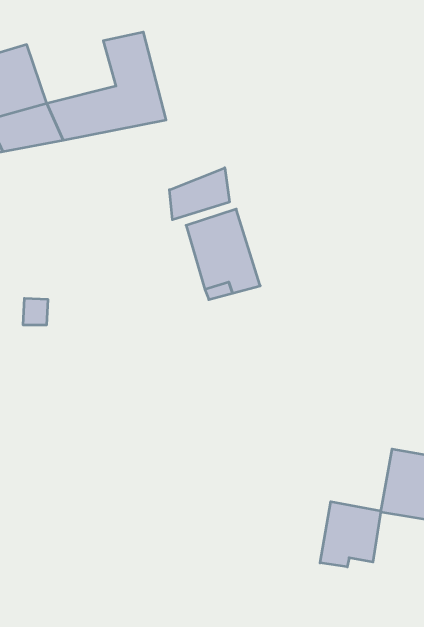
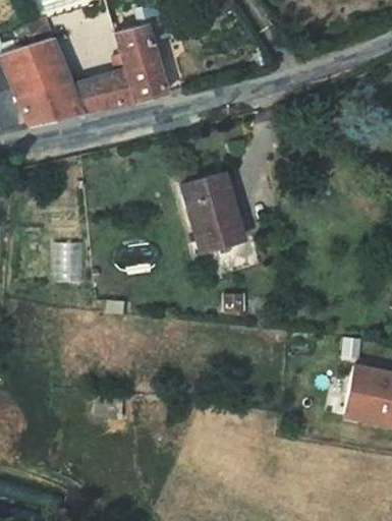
building: [169,168,229,220] -> none
building: [320,502,381,567] -> none

